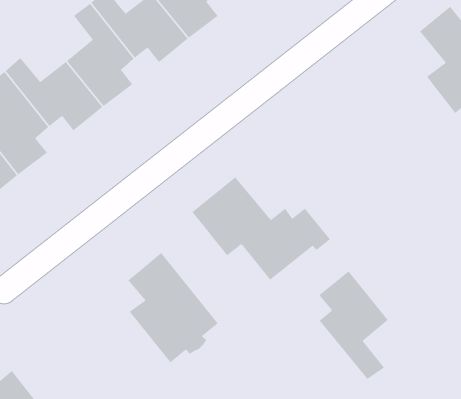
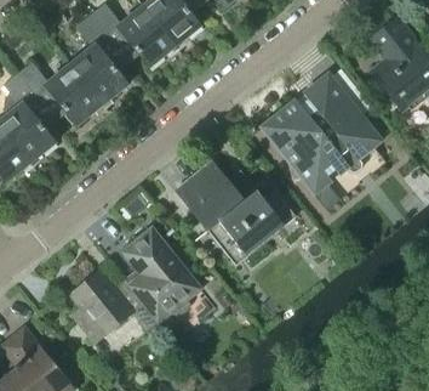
building: none -> [265,78,374,189]
building: [319,271,388,380] -> none
building: none -> [70,270,167,341]

